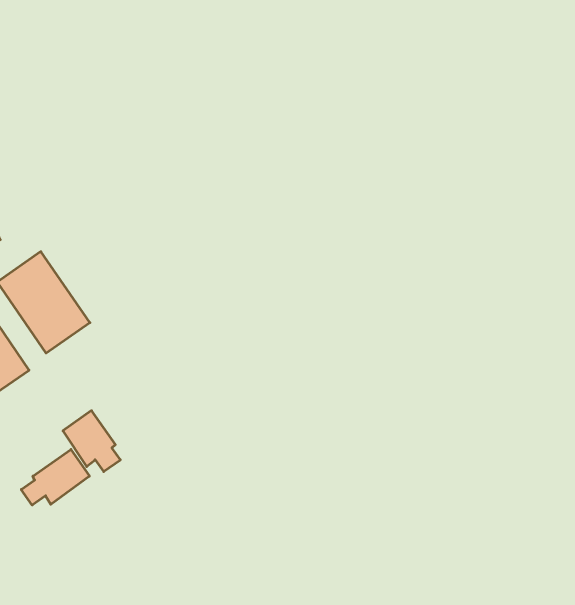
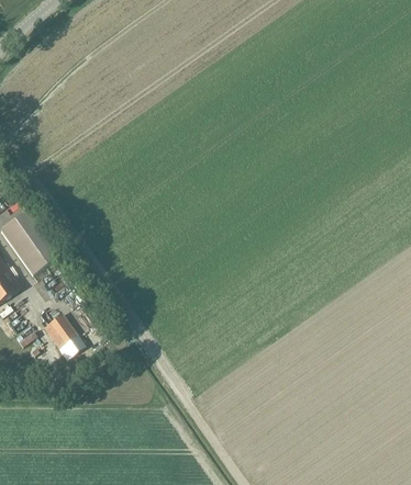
building: [21,449,89,505] -> none

